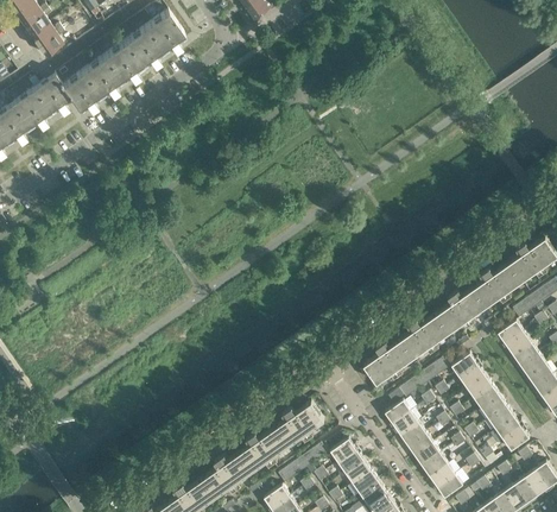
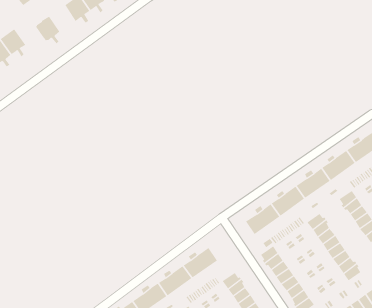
building: [83,57,120,97] -> none
building: [33,75,72,116] -> none

